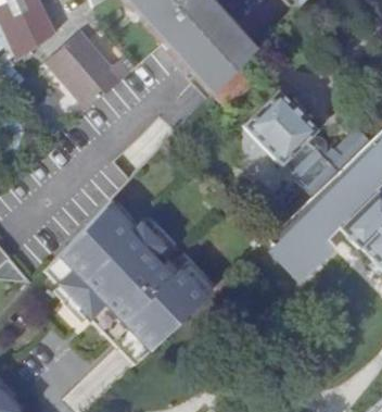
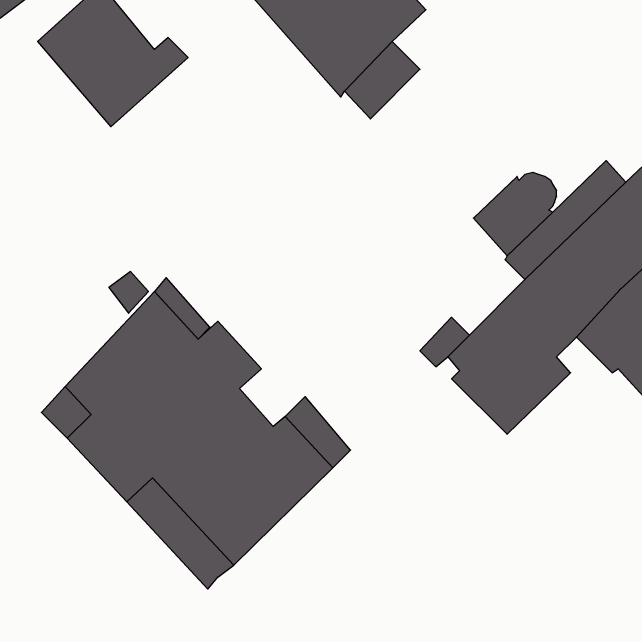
building: [244,90,318,163] -> none

